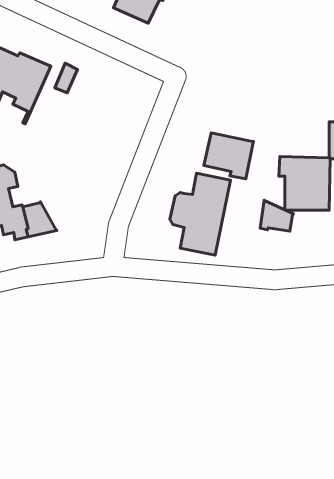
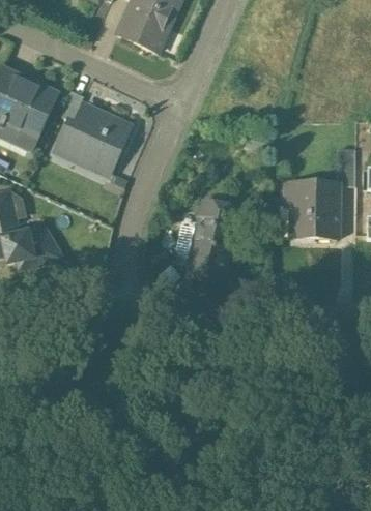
building: none -> [59,104,130,173]
building: [204,133,253,179] -> none
building: [260,200,293,231] -> none

